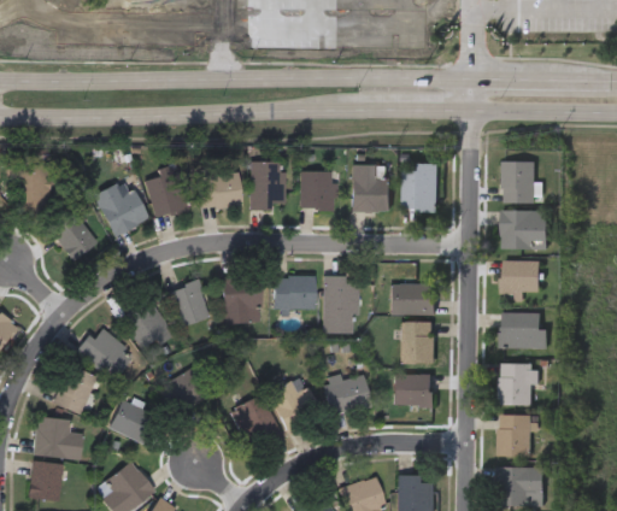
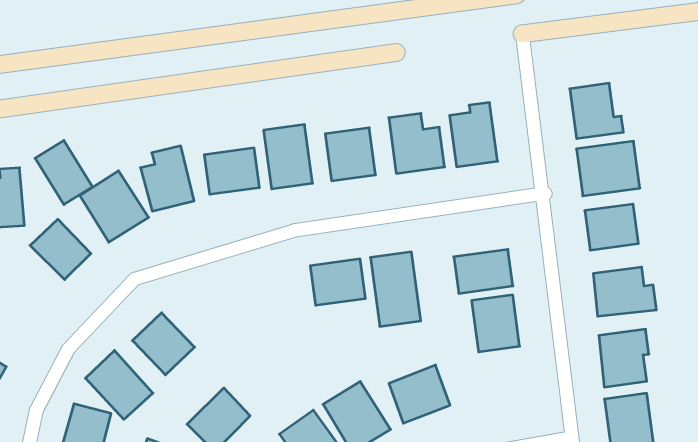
building: none -> [35,140,93,205]
building: [223,277,262,323] -> none
building: [169,282,210,327] -> none
building: [394,375,433,405] -> none

